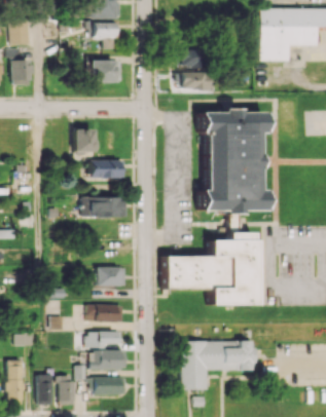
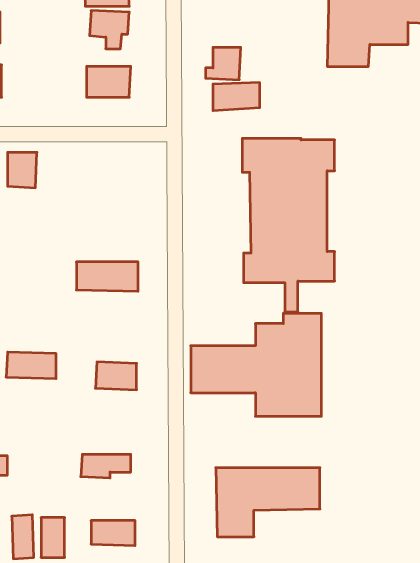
building: [74,129,95,154] -> [8,152,37,188]
building: [90,160,124,179] -> none
building: [87,304,122,323] -> [6,352,56,379]
building: [89,351,125,370] -> none

